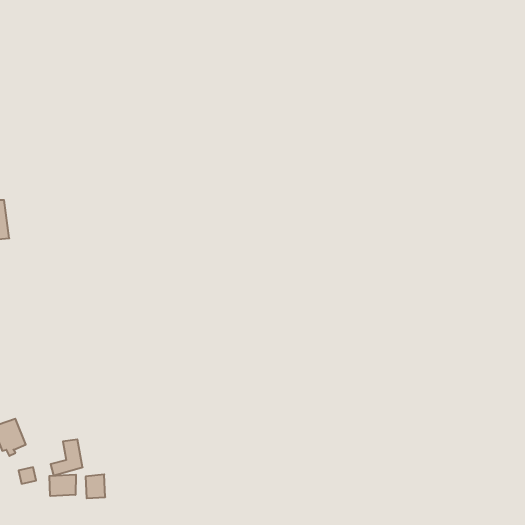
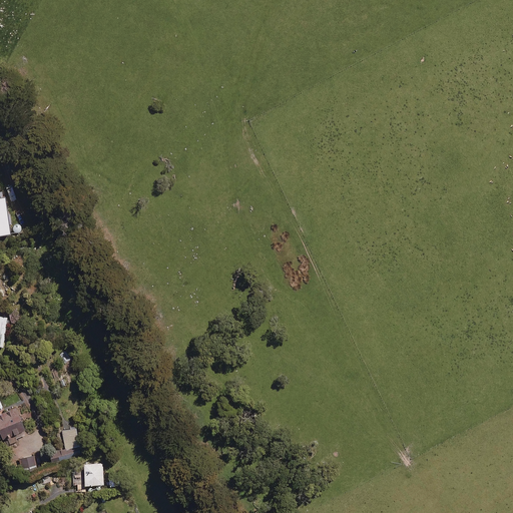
building: [49,475,76,496] -> none

